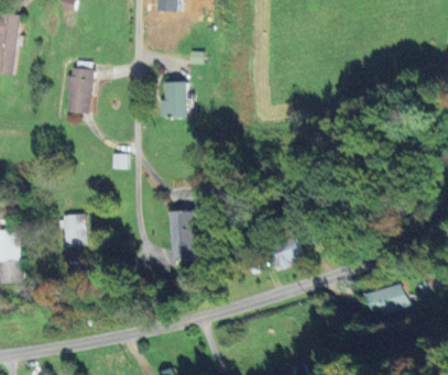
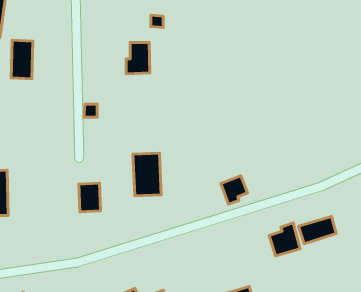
building: [67,68,92,113] -> [11,40,33,79]
building: [63,213,88,246] -> [79,183,100,212]
building: none -> [269,223,300,256]

